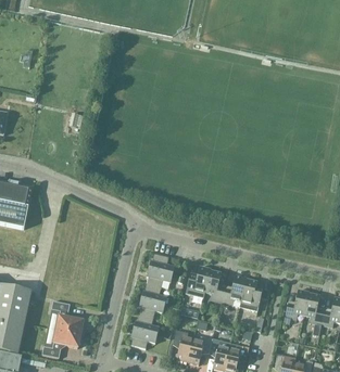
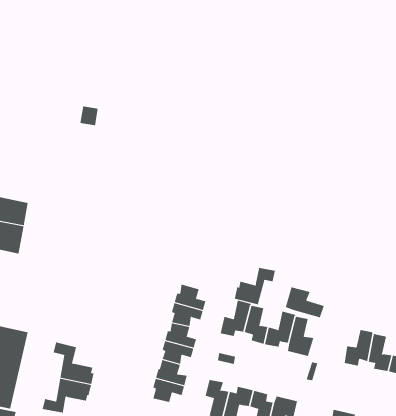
building: none -> [234,267,275,305]
building: none -> [285,287,324,318]

